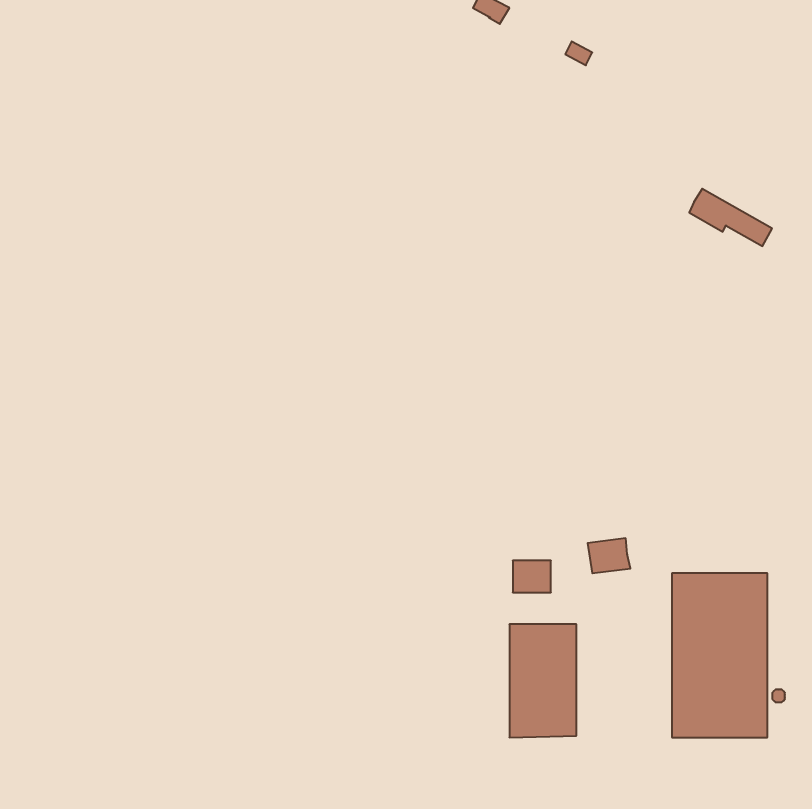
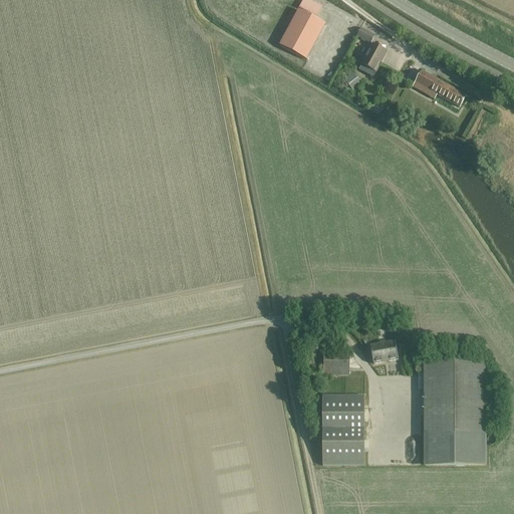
building: none -> [279,8,324,58]
building: none -> [357,42,386,75]
building: [689,189,772,246] -> [413,69,465,105]

